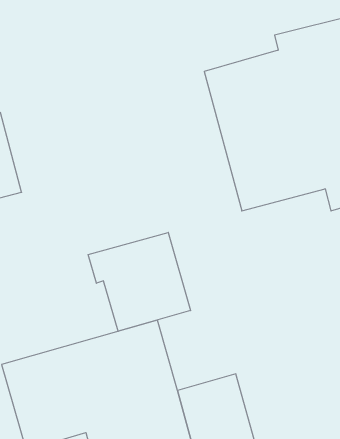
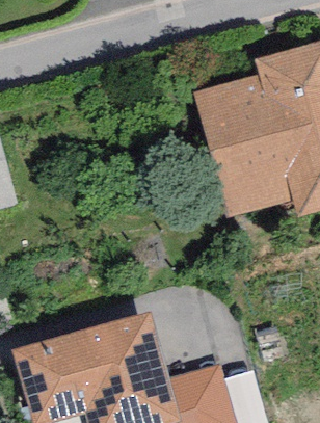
building: [88,232,191,331] -> none

